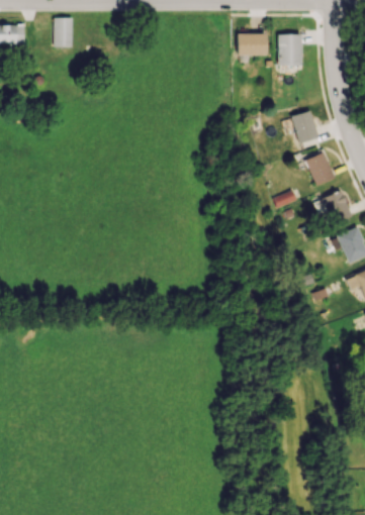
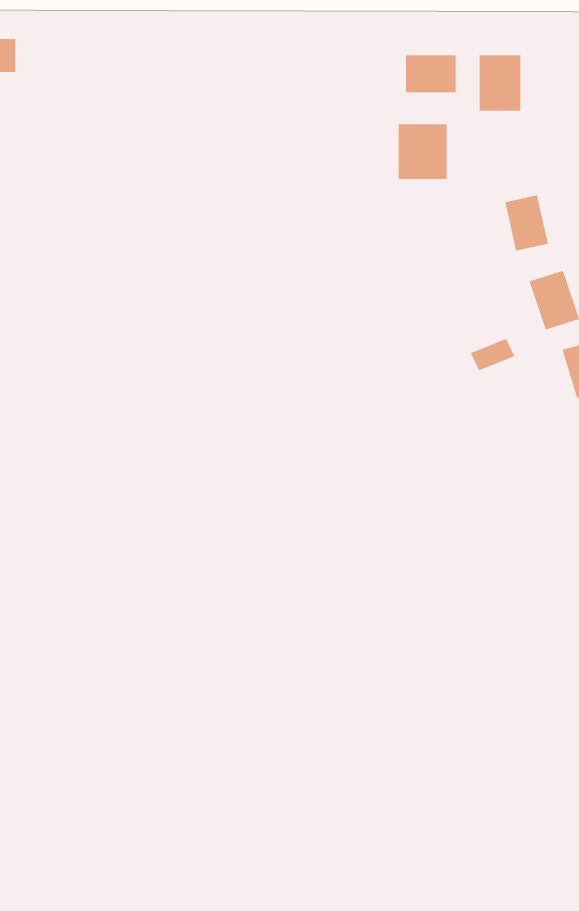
building: [54,17,73,47] -> none
building: none -> [398,123,448,180]

